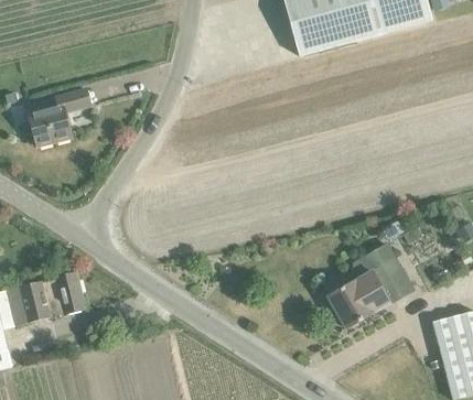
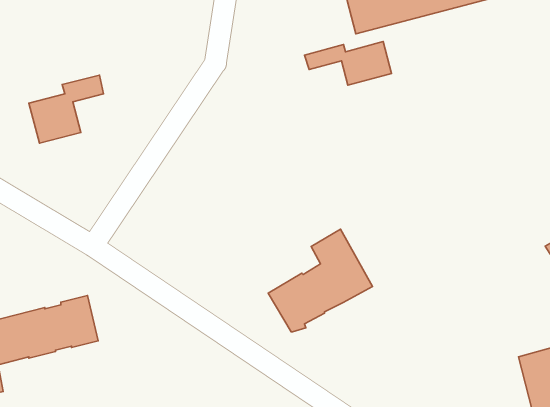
building: none -> [305,42,391,85]
building: [327,244,413,328] -> [268,229,372,332]

